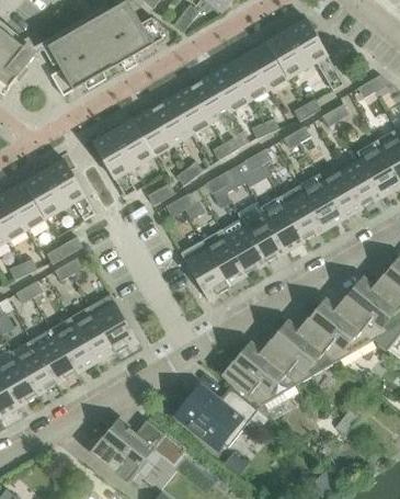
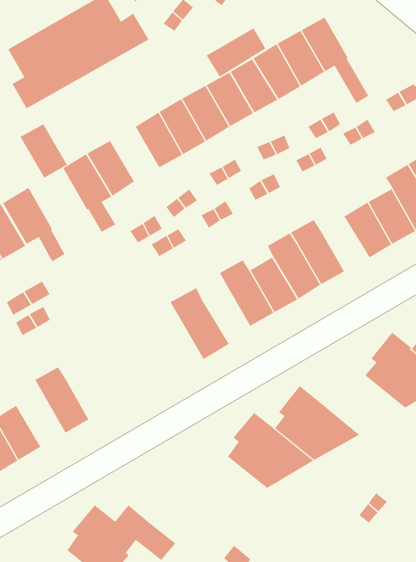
building: none -> [206,27,266,77]
building: [132,110,171,155] -> [20,123,68,178]
building: [298,173,343,228] -> none
building: [202,229,245,284] -> none
building: [302,299,373,362] -> none
building: [94,303,137,353] -> none
building: [49,317,94,372] -> none
building: [174,384,267,449] -> none

